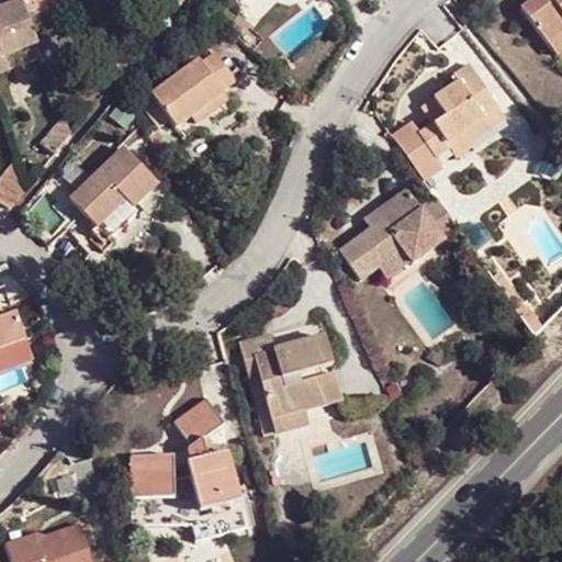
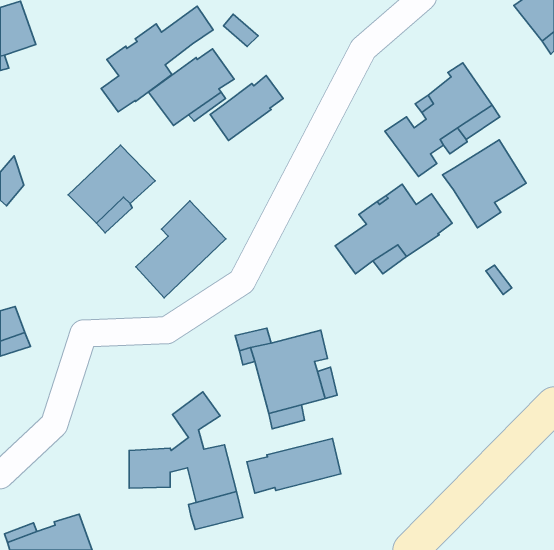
building: none -> [101,6,213,112]
building: none -> [210,76,283,141]
building: none -> [443,140,526,228]
building: none -> [136,201,226,298]
building: none -> [247,439,341,493]

